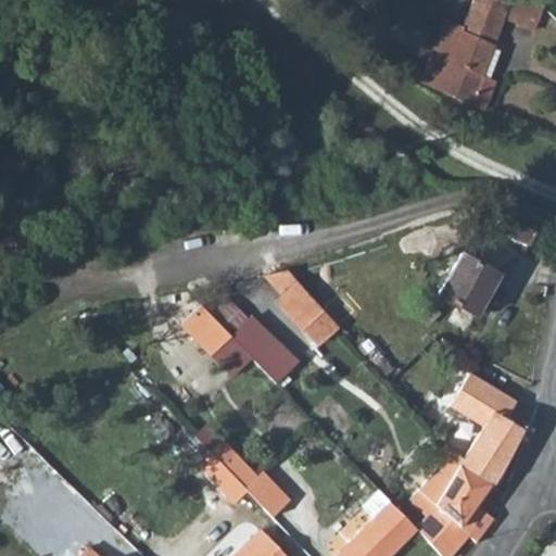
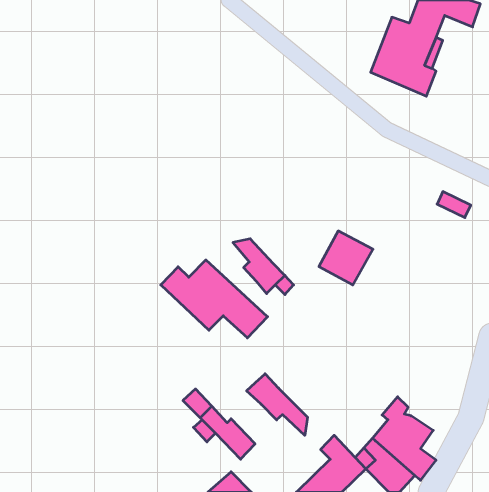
building: [439,255,500,316] -> [319,231,373,285]
building: [447,378,520,486] -> none
building: none -> [247,374,308,435]

